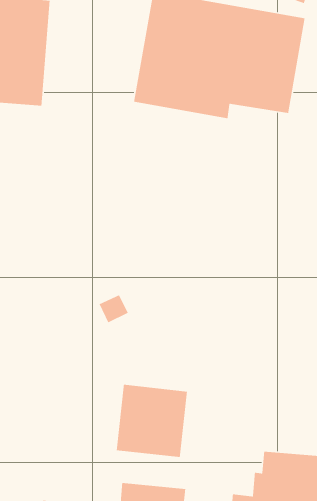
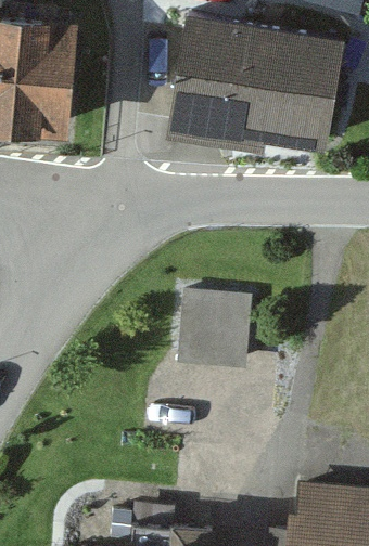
building: [116,384,188,458] -> [178,297,253,374]

